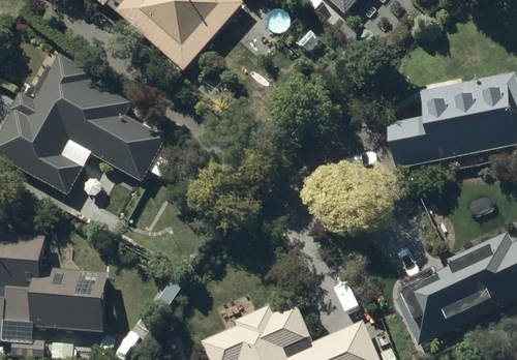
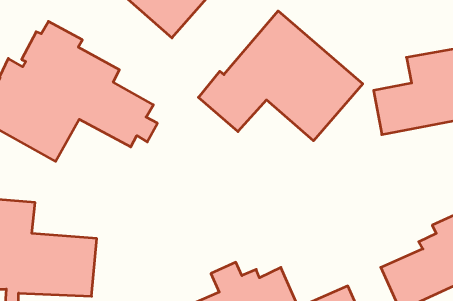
building: none -> [198,11,363,141]

